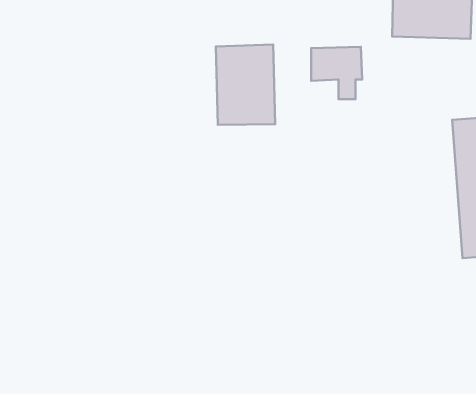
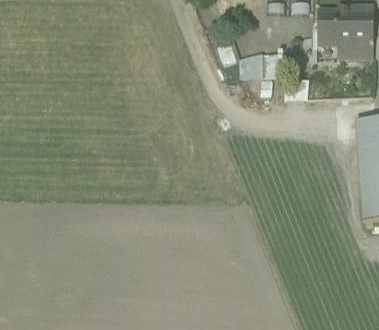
building: [216,45,275,125] -> none

